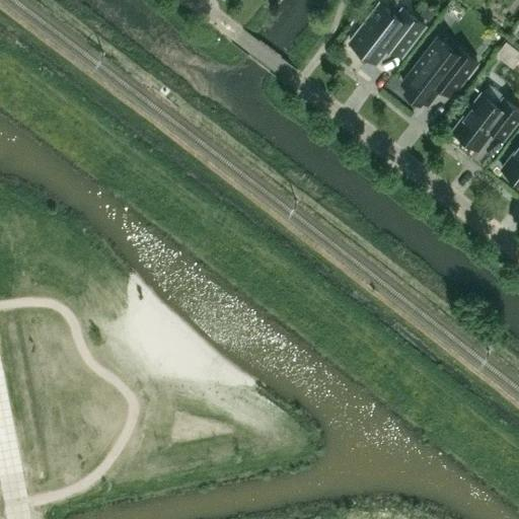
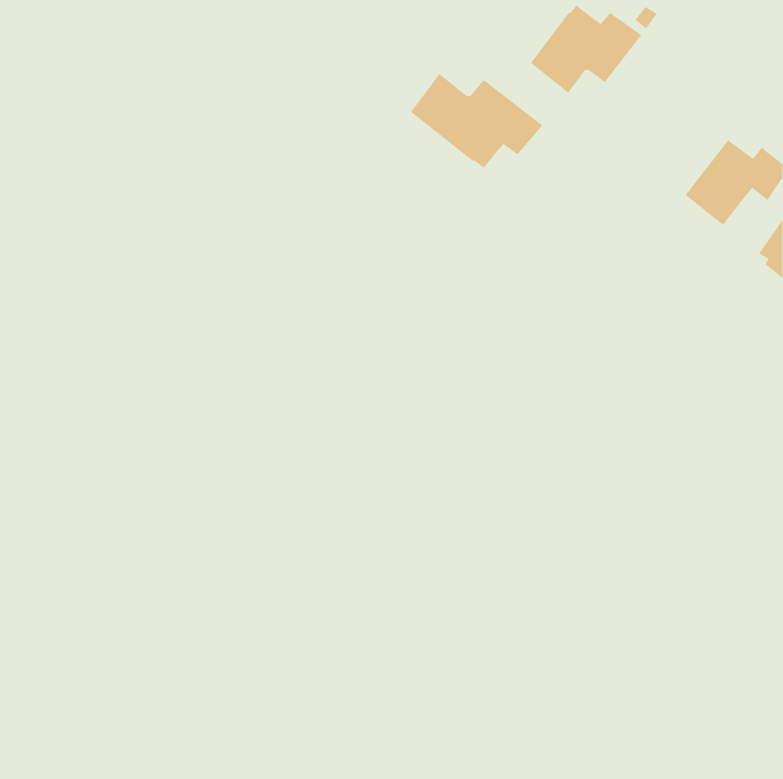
building: [403,43,477,104] -> none
building: none -> [410,73,543,169]

